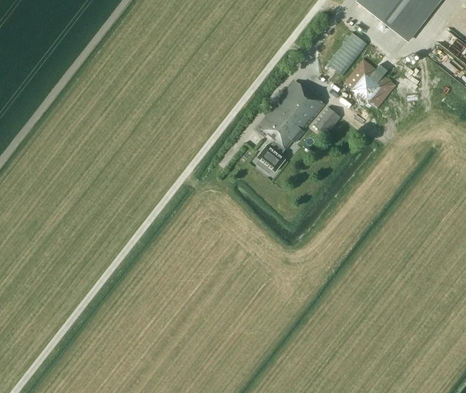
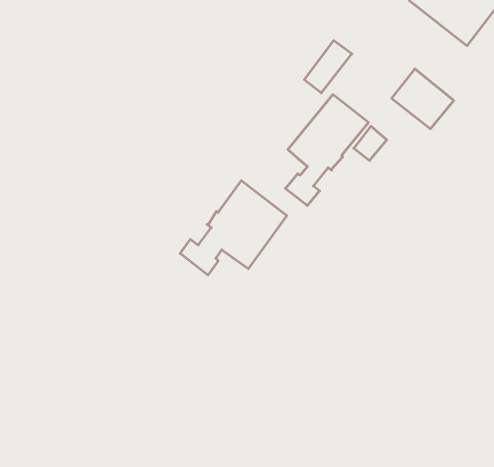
building: [329,31,368,74] -> [304,41,352,93]
building: none -> [180,181,287,275]

